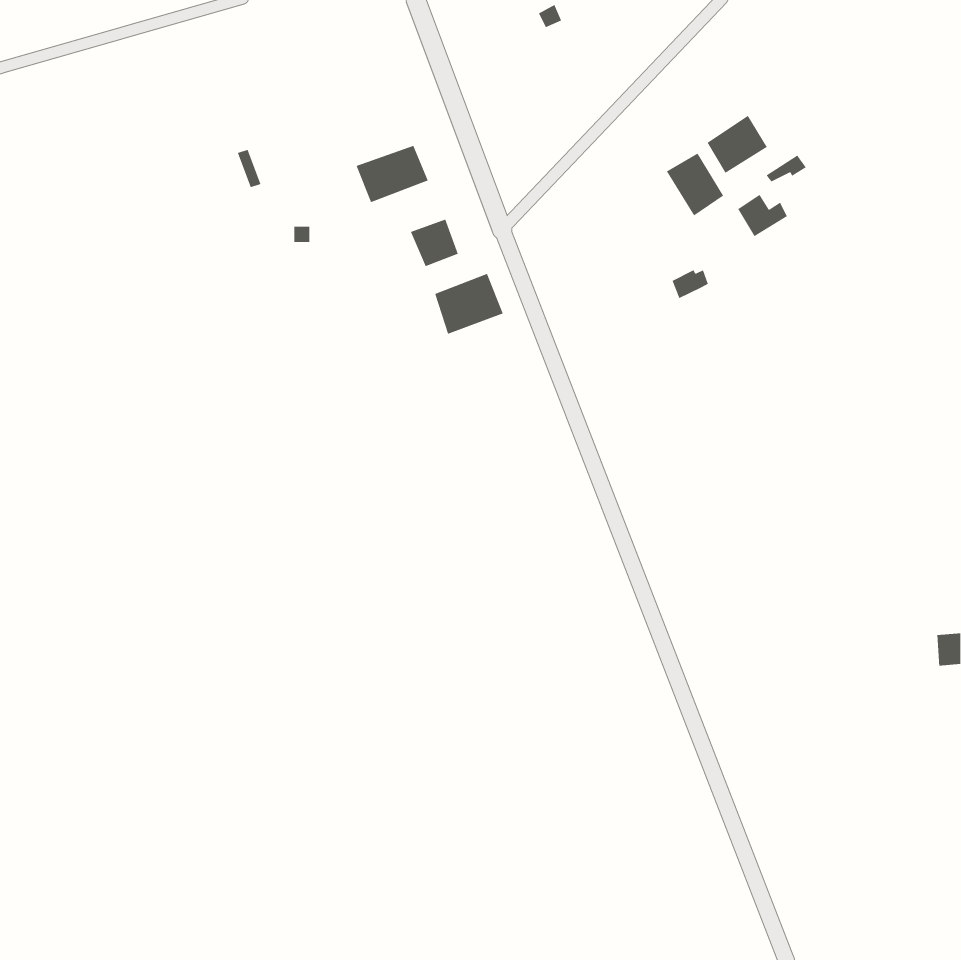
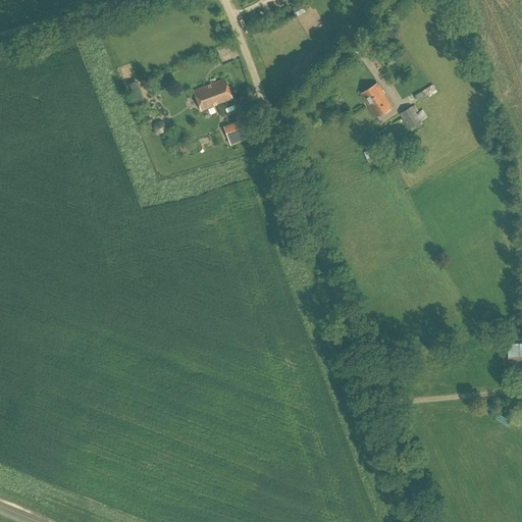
building: [707,115,768,174] -> none
building: [434,273,504,335] -> none

